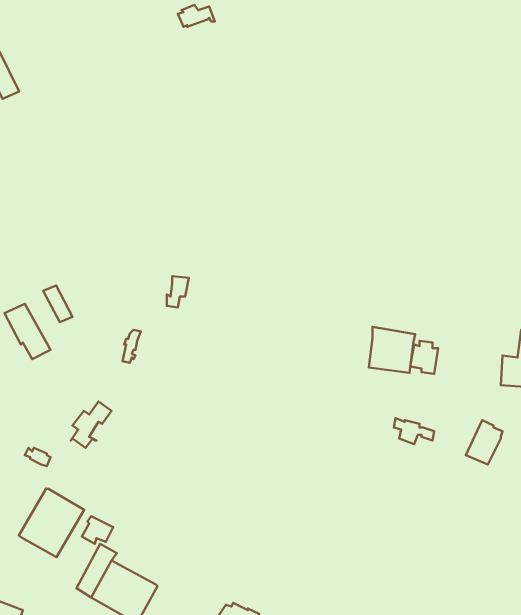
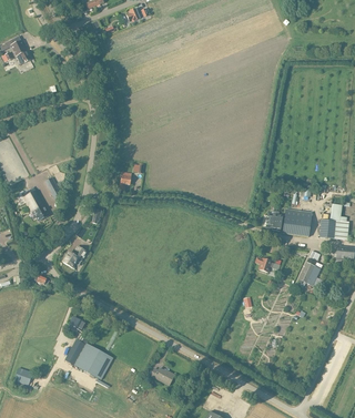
building: [369,327,415,373] -> [283,208,311,236]
building: [19,488,84,557] -> none

